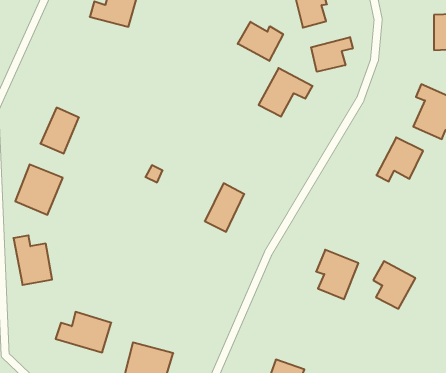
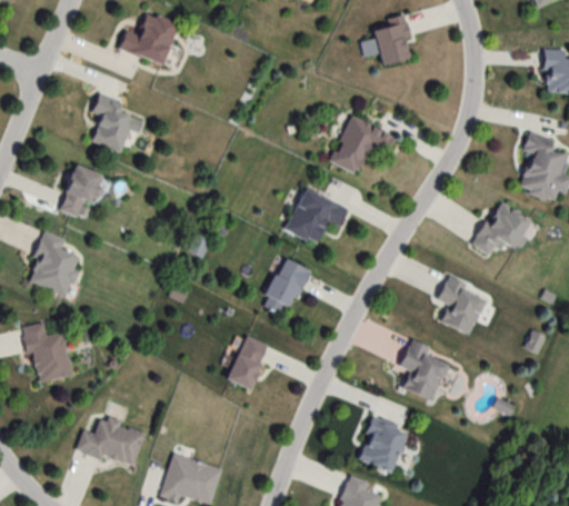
building: [238,22,283,61] -> none
building: [311,37,353,72] -> none
building: none -> [92,98,144,151]
building: none -> [286,186,352,244]
building: none -> [227,336,271,391]
building: [373,261,415,309] -> [437,275,489,334]
building: none -> [356,417,408,473]

